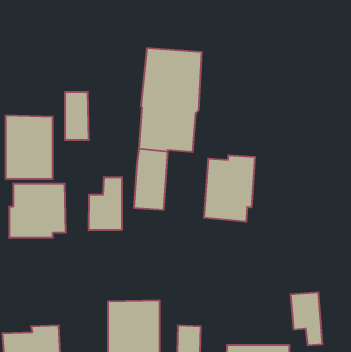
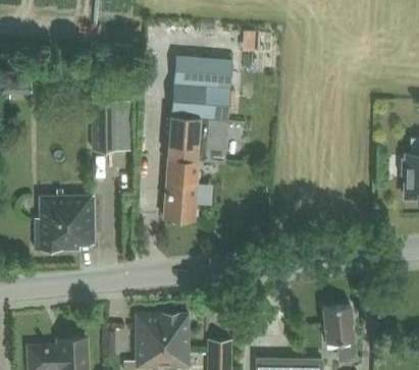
building: [6,115,53,179] -> none
building: [204,155,255,222] -> none
building: [89,177,122,230] -> none

